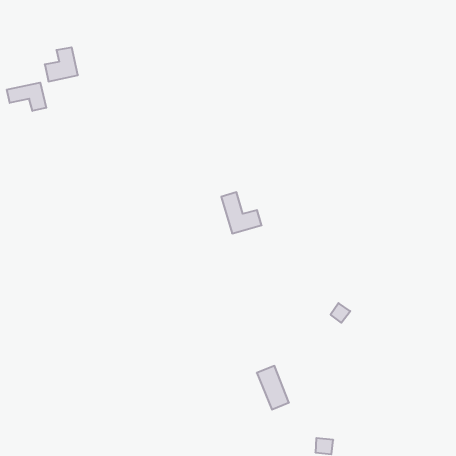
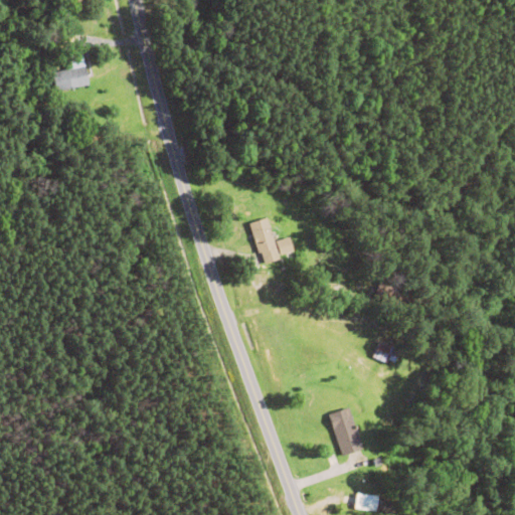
building: [7,83,46,111] -> none
building: [257,366,289,410] -> [327,406,363,456]

